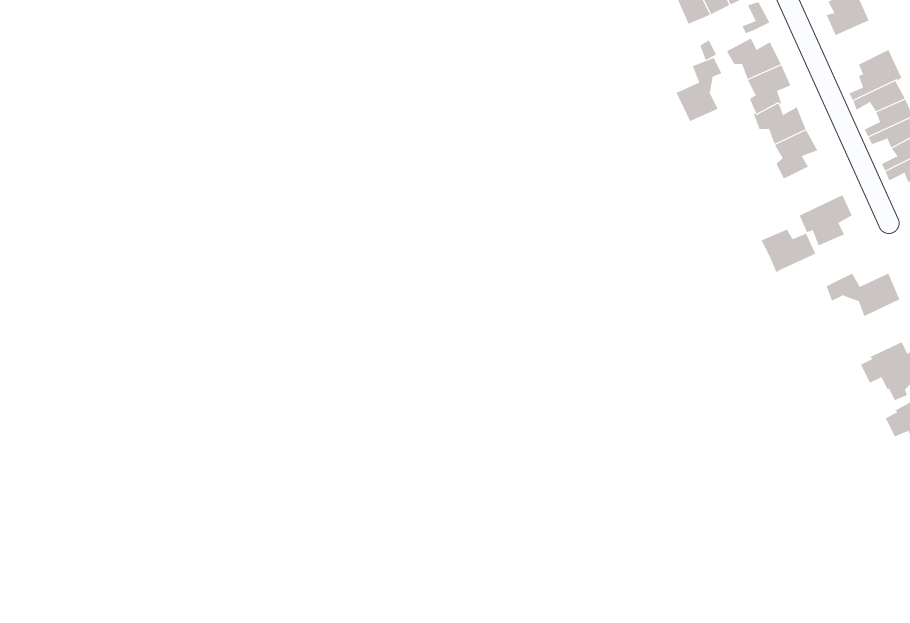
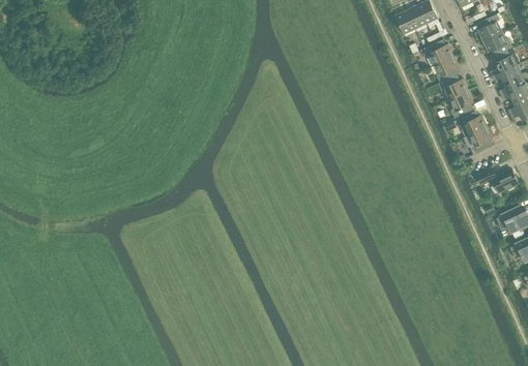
building: none -> [483,32,512,56]
building: [676,57,722,122] -> none
building: [761,229,816,273] -> [458,113,488,136]

